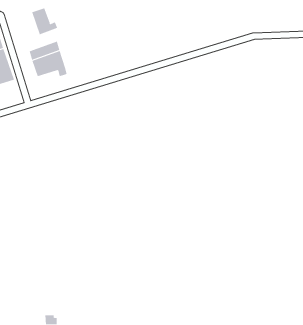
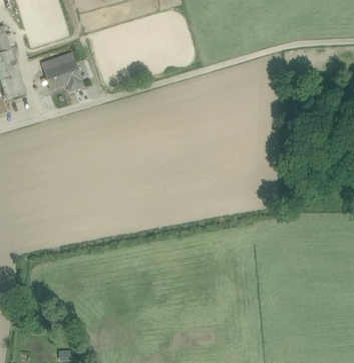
building: [32,7,58,35] -> none

